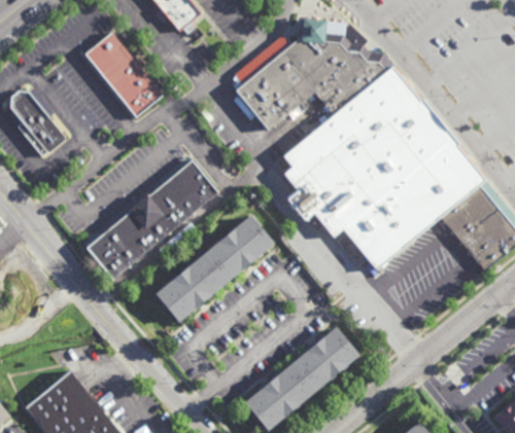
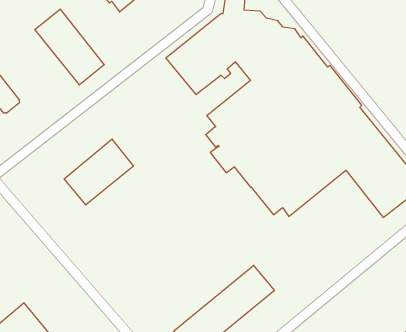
building: [171,164,217,212] -> none
building: [154,215,273,323] -> none
building: [87,227,140,281] -> none

